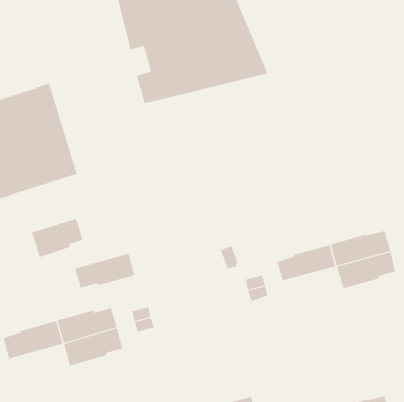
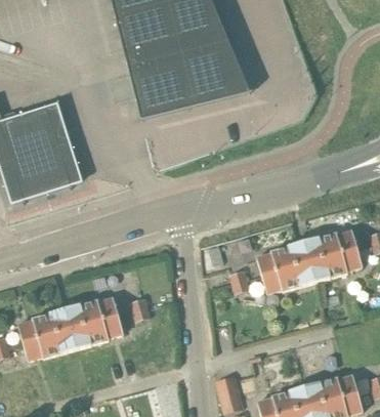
building: [31,218,83,258] -> none
building: [74,253,135,288] -> [23,330,76,361]
building: none -> [262,262,315,294]

